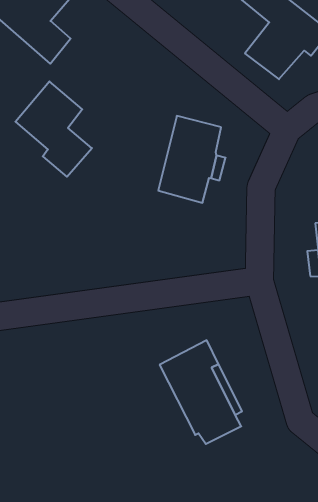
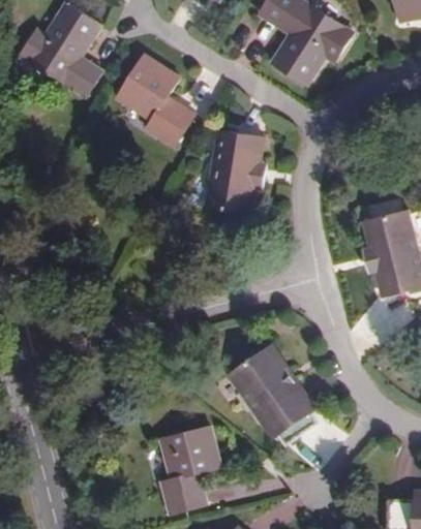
building: [15,81,92,177] -> [115,55,192,145]
building: none -> [162,426,221,511]

